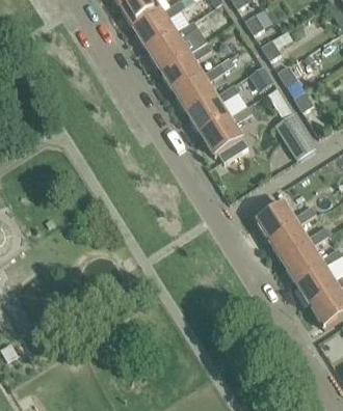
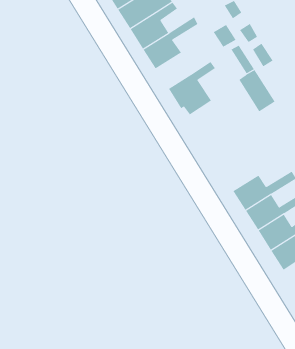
building: [188,84,239,134] -> none
building: [257,203,317,243] -> none

